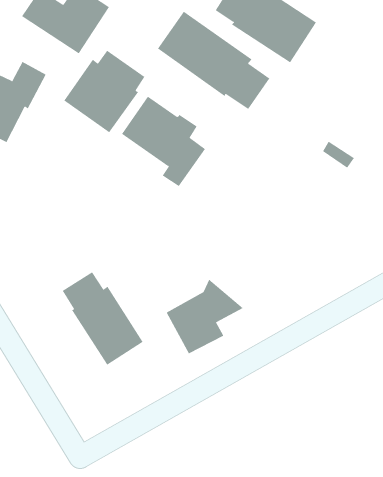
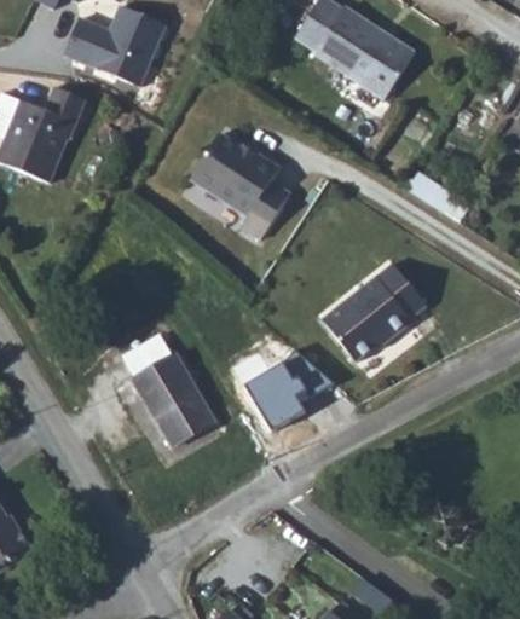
building: [157,11,270,110] -> none
building: [63,50,145,133] -> none
building: none -> [314,267,418,363]

